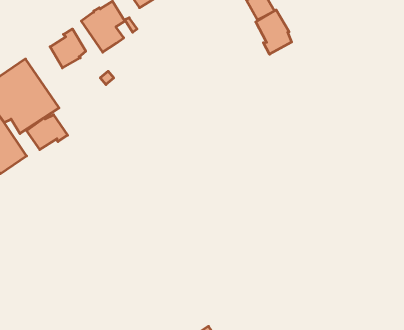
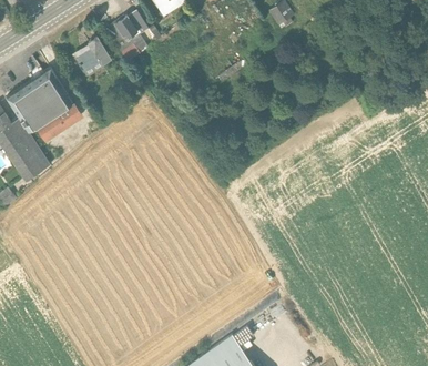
building: [256,10,292,54] -> none
building: [26,115,68,150] -> none

